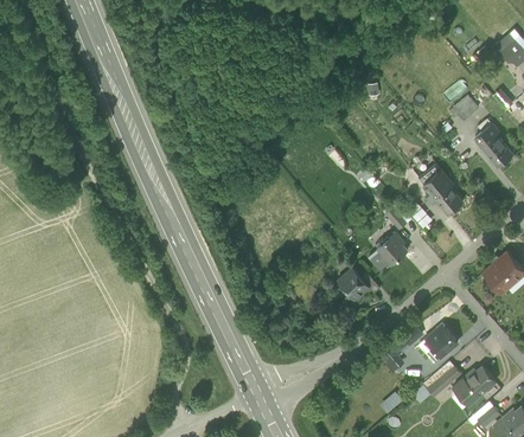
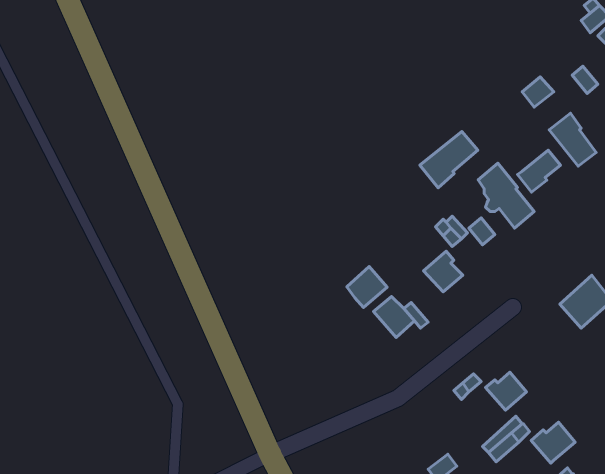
building: none -> [420,131,478,188]
building: none -> [518,150,561,192]
building: none -> [347,267,387,307]

